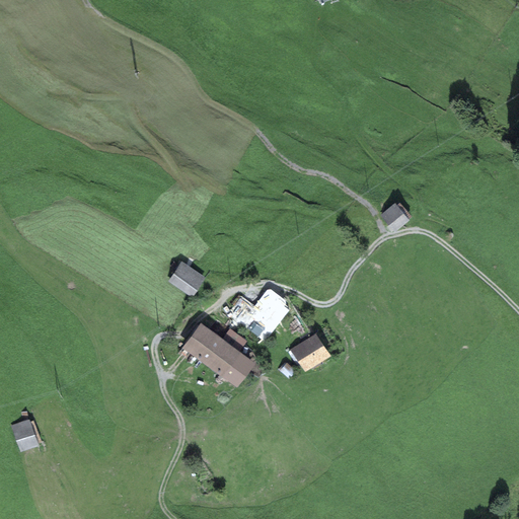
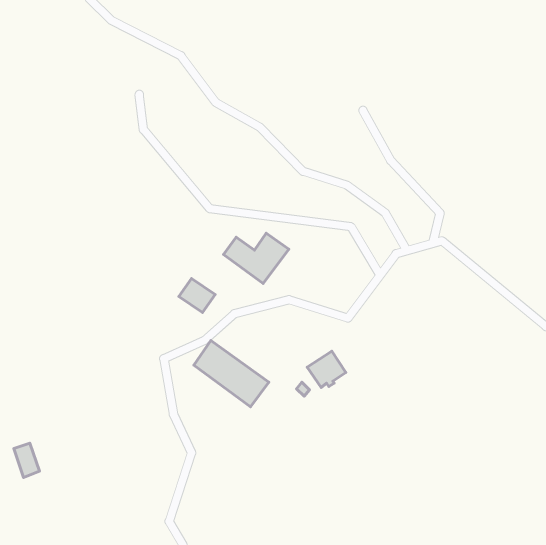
building: [379,201,409,231] -> none
building: [226,292,288,340] -> [223,233,289,283]

